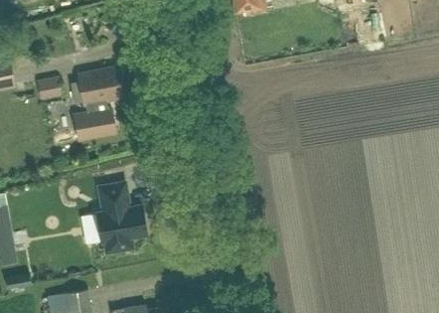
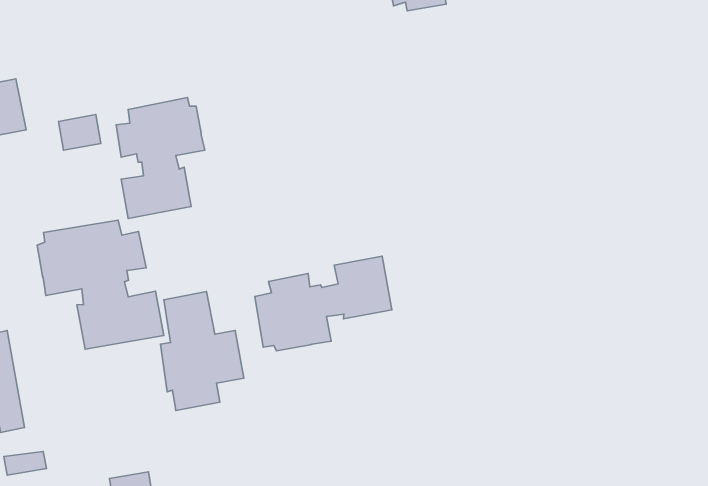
building: none -> [37,220,164,349]
building: none -> [255,256,392,351]

